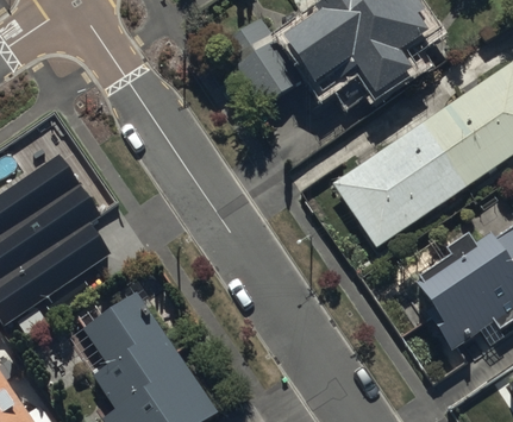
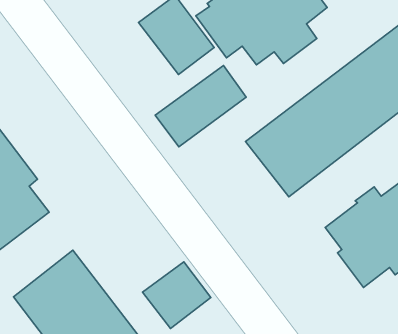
building: none -> [155,65,246,147]
building: none -> [143,262,211,328]

